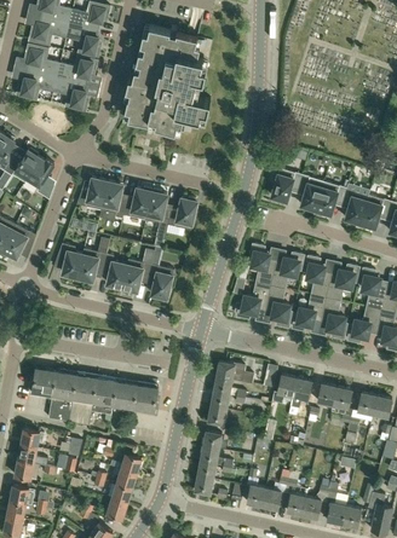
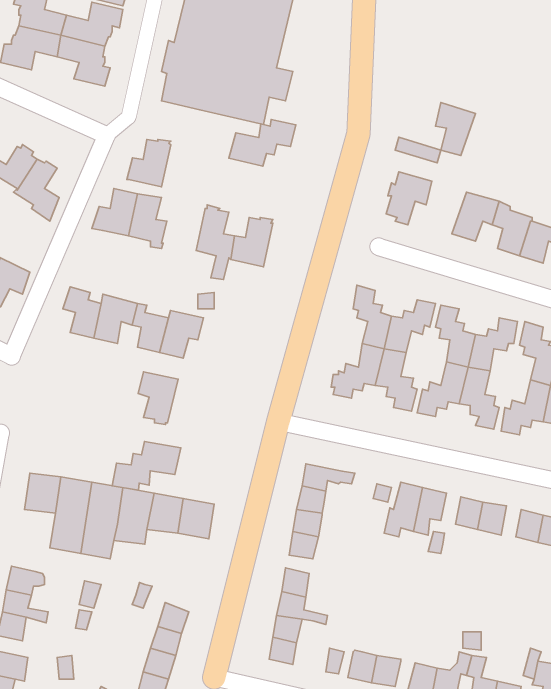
building: none -> [229,119,296,166]
building: [298,174,324,209] -> [435,103,476,156]
building: [122,189,151,220] -> [127,139,171,187]
building: [146,265,173,300] -> [138,372,178,425]
building: none -> [112,441,181,490]

